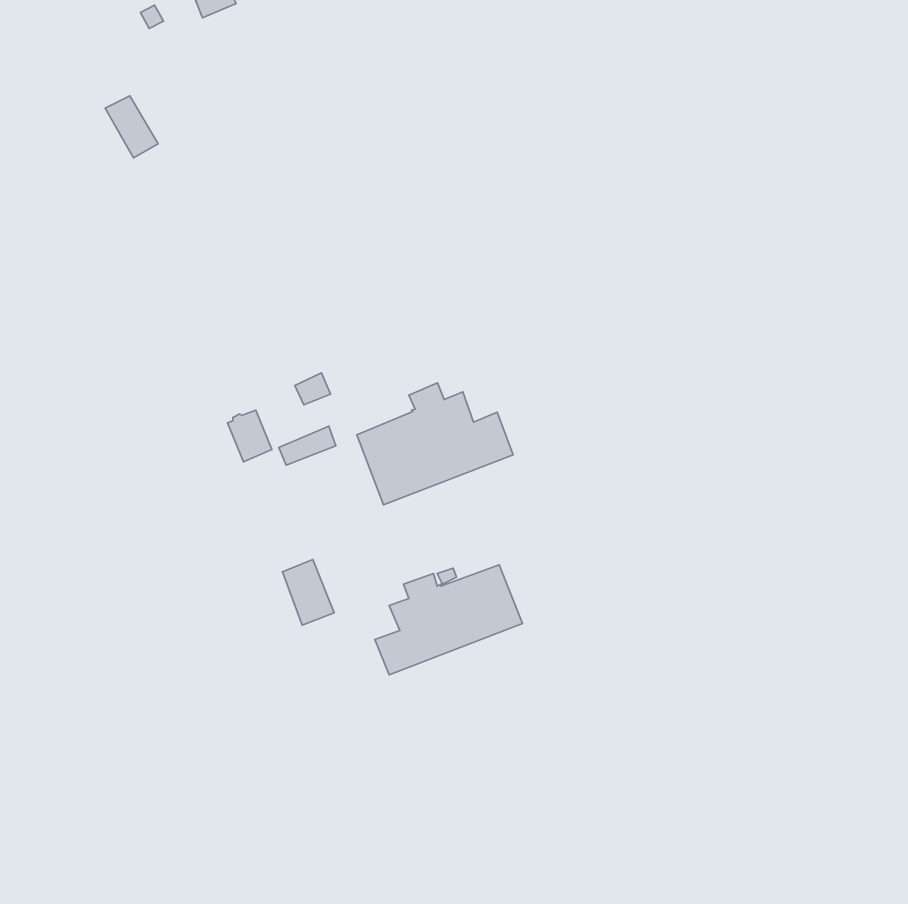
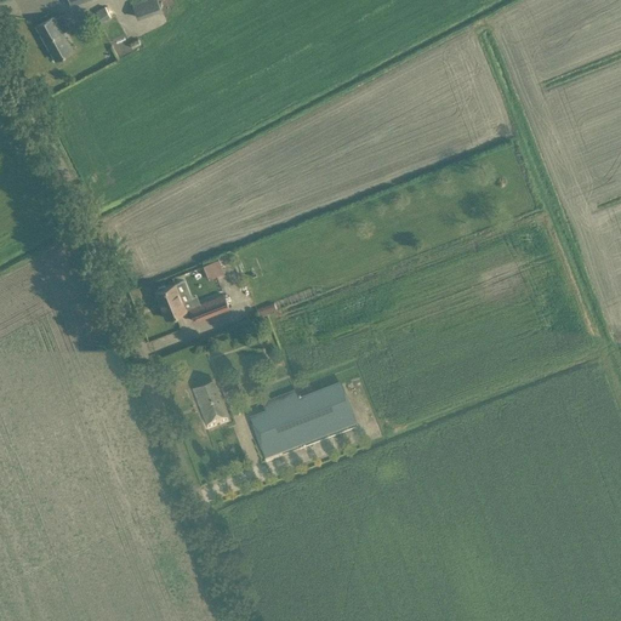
building: [105,96,158,158] -> [36,13,73,56]
building: [357,383,513,505] -> none

